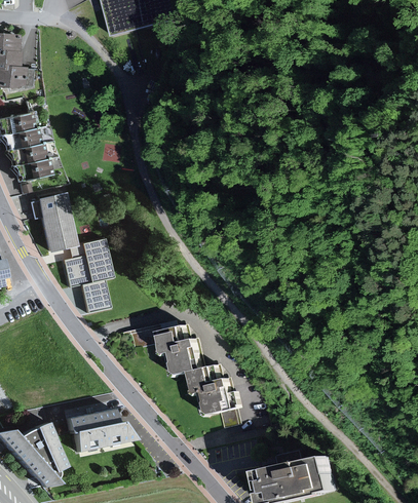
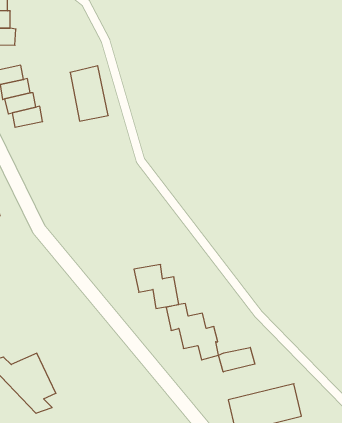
building: [35,192,76,252] -> [70,66,108,121]
building: [63,237,115,312] -> none
building: [67,402,131,450] -> none
building: none -> [219,347,255,372]

